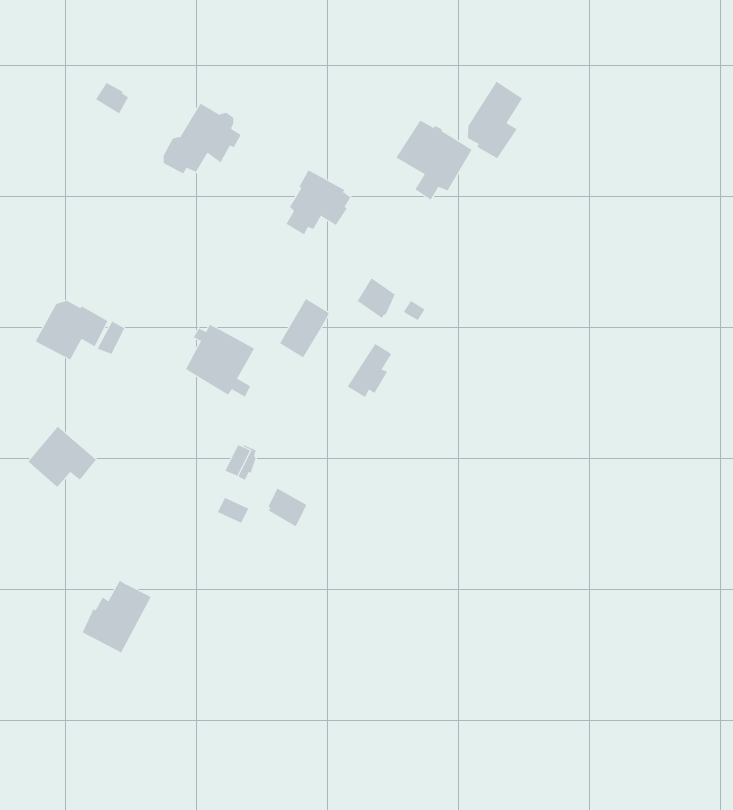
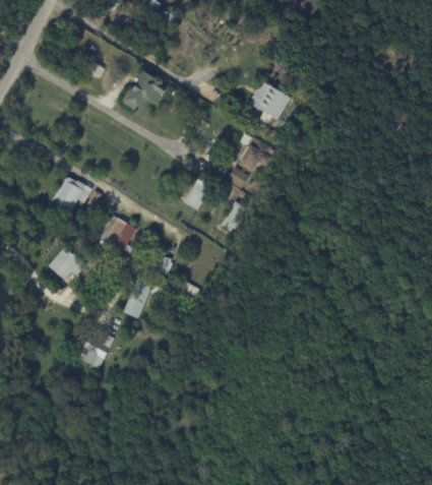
building: [468,81,523,159] -> none
building: [286,169,351,235] -> [239,135,274,171]
building: [185,324,255,397] -> [99,215,136,254]
building: none -> [123,278,152,318]

